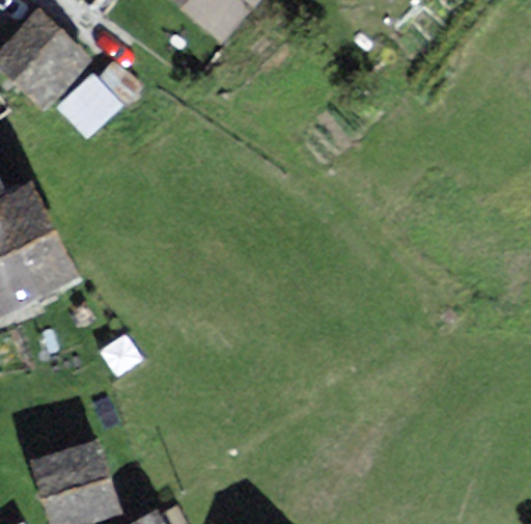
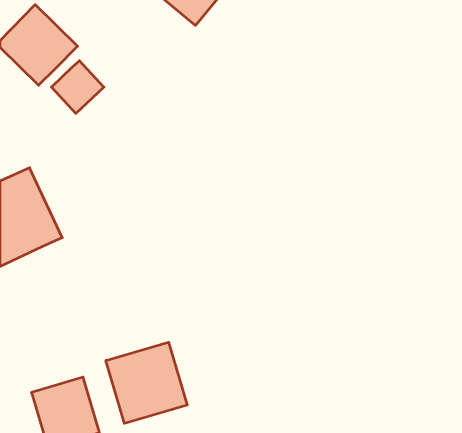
building: none -> [106,342,187,423]

